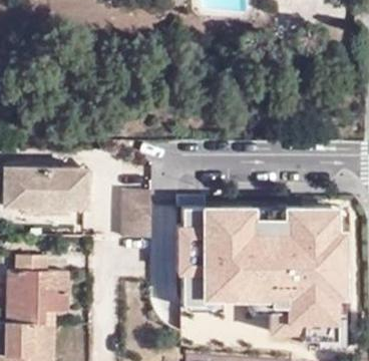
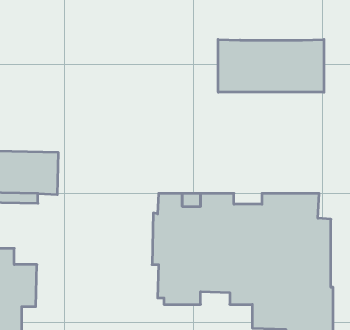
building: none -> [218,39,324,92]
building: [123,192,151,239] -> none

